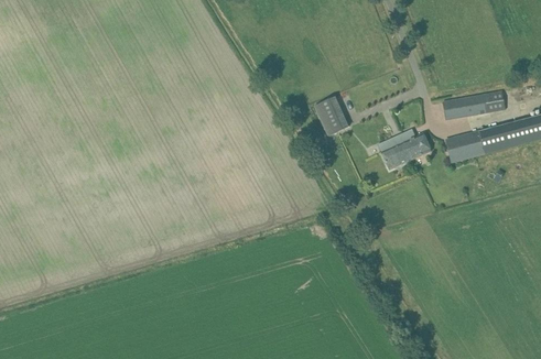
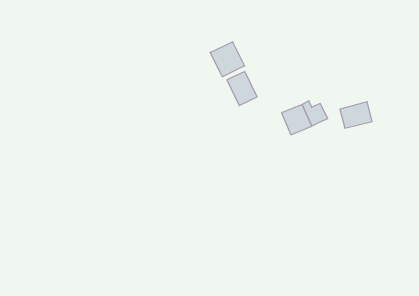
building: none -> [210,42,245,77]
building: [443,90,506,119] -> none

